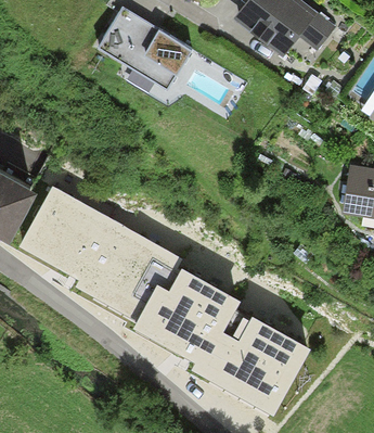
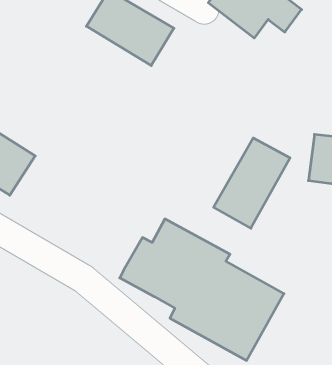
building: none -> [214,138,290,228]
building: [16,178,188,316] -> none

